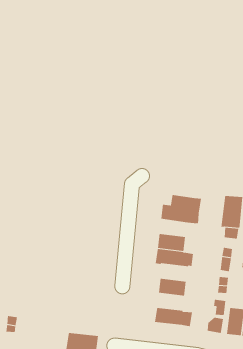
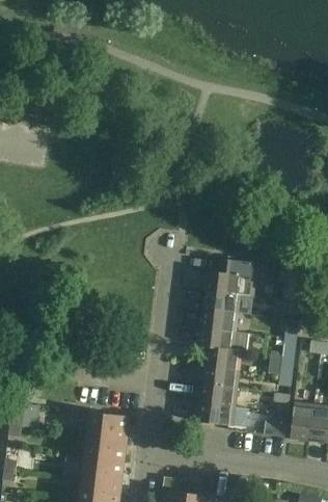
building: none -> [203,290,252,315]
building: none -> [204,347,242,370]
building: none -> [200,385,237,407]
building: none -> [87,412,129,440]

